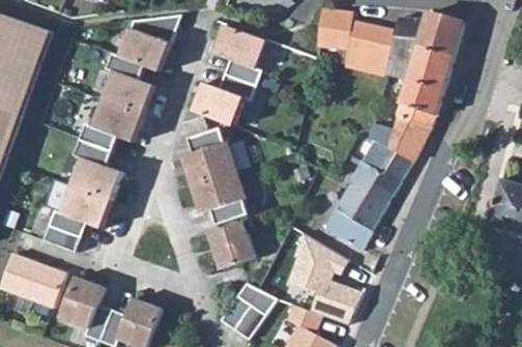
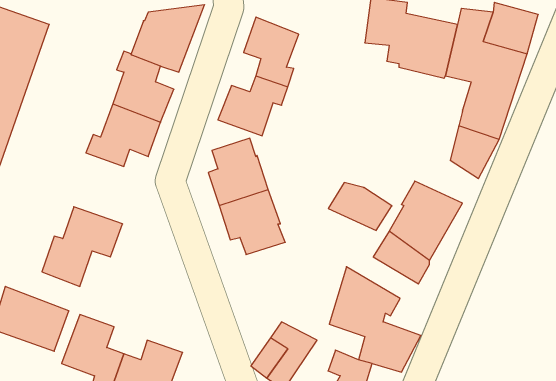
building: [70,140,123,200] -> none
building: [359,142,413,182] -> [328,183,392,230]
building: [208,223,256,270] -> none

